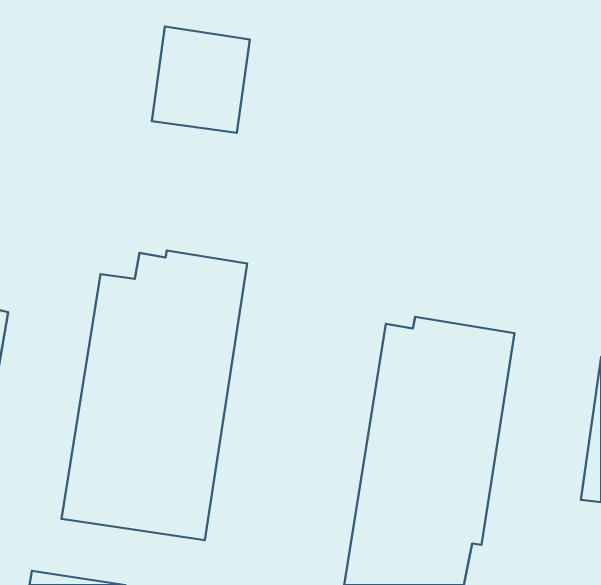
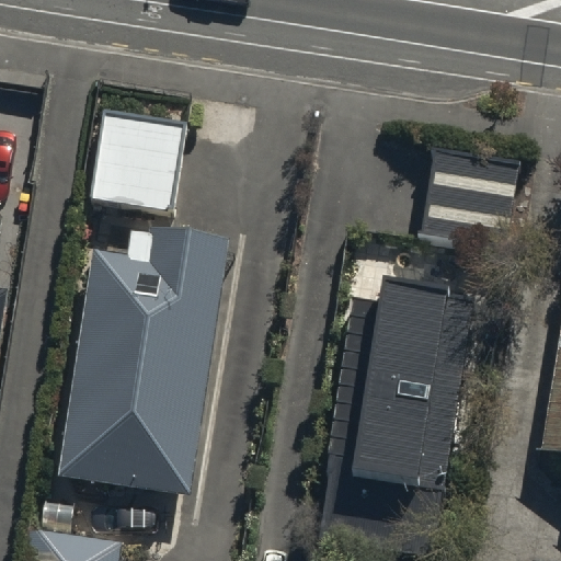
building: [152,26,250,133] -> [92,118,183,217]
building: none -> [417,153,519,253]

